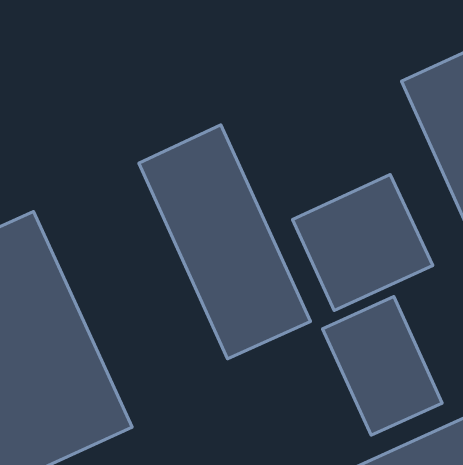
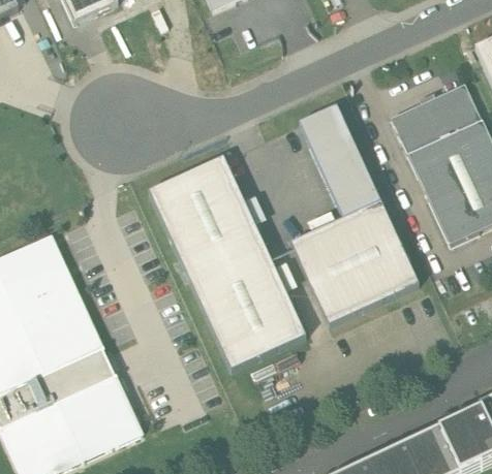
building: none -> [300,103,379,216]
building: [323,297,442,435] -> none

